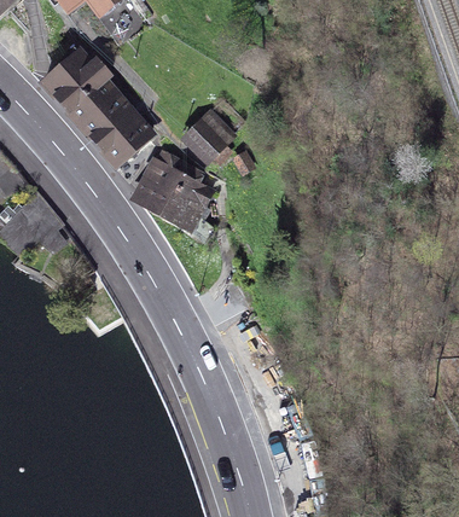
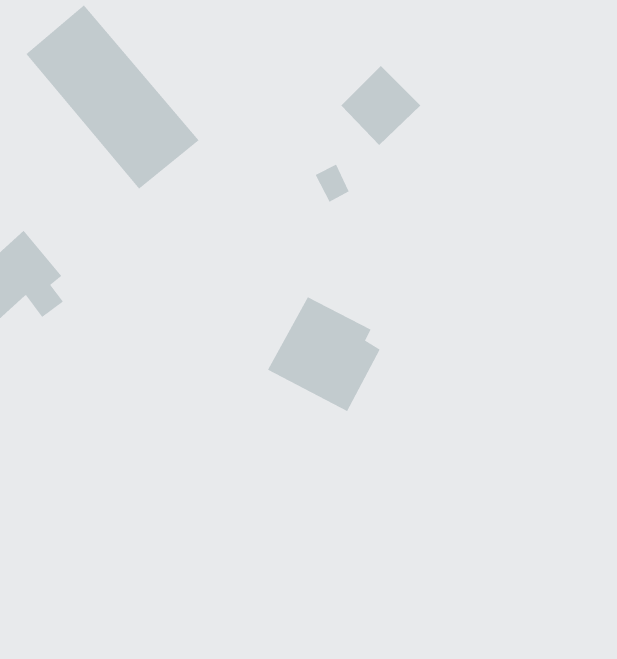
building: [182,110,236,163] -> [341,65,421,146]
building: [135,152,210,228] -> [267,296,381,412]

